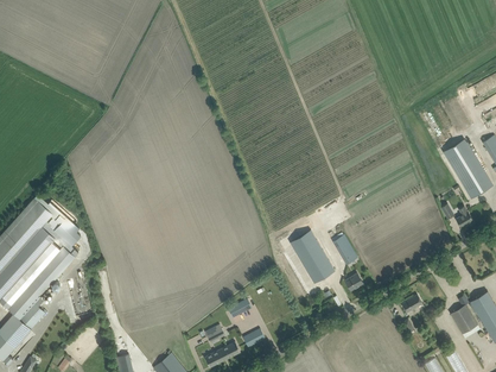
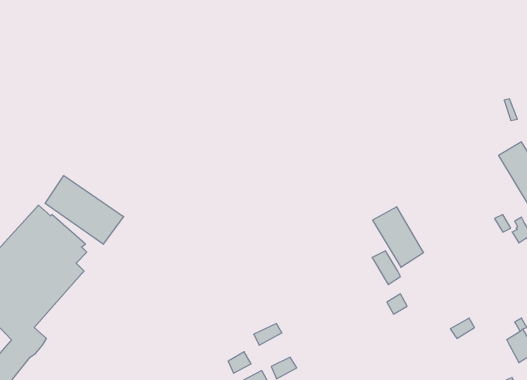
building: none -> [45,176,124,244]
building: [290,231,335,284] -> [373,207,424,267]

